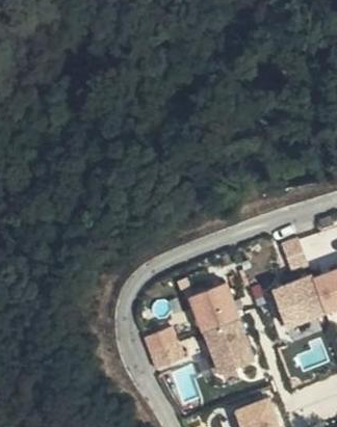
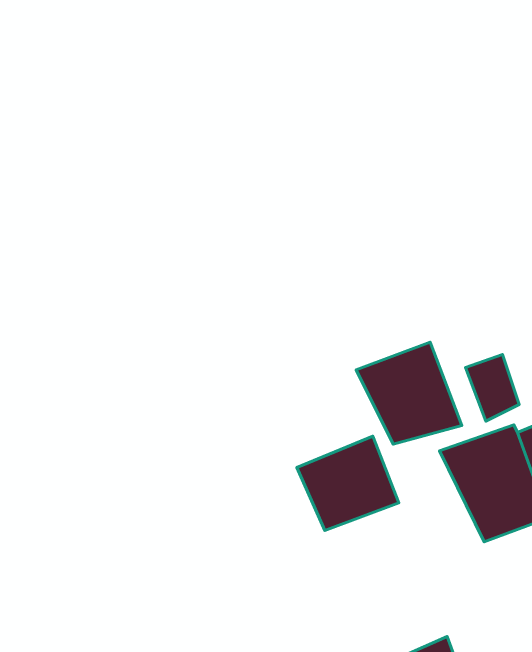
building: [201,319,260,376] -> [356,342,462,444]
building: [144,326,185,368] -> none

